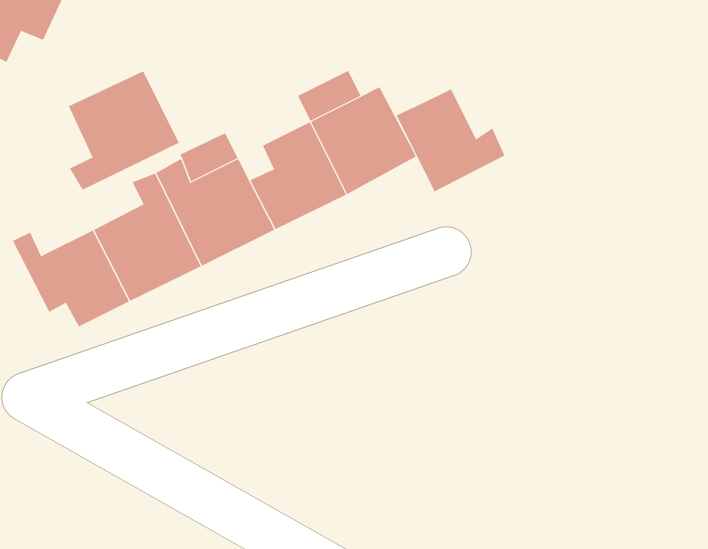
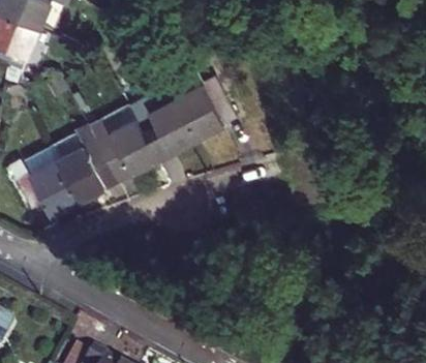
building: [68,70,180,191] -> none
building: [396,88,505,192] -> none

